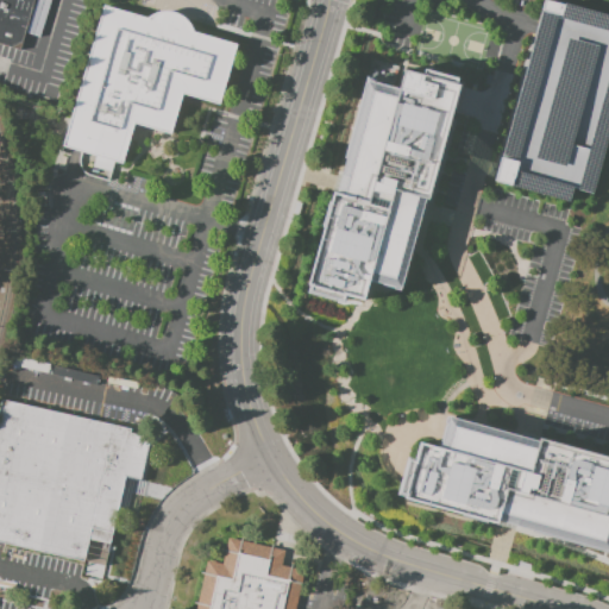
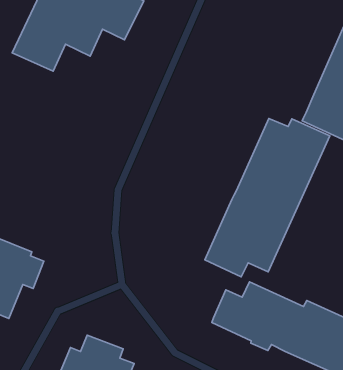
building: [309,62,463,301] -> [205,119,330,277]

